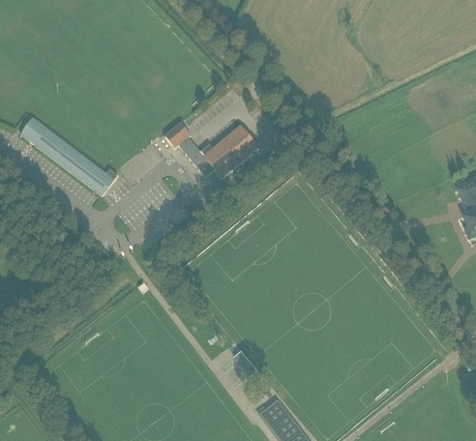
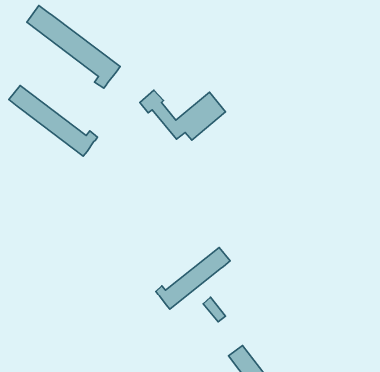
building: none -> [27,5,120,88]
building: none -> [156,248,230,309]

